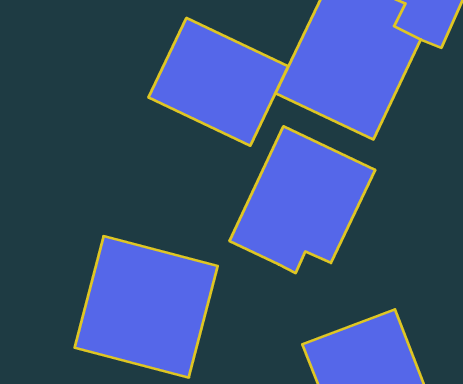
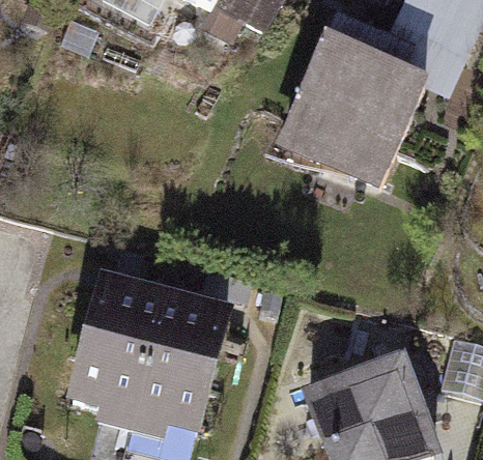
building: [149,18,288,146] -> none
building: [230,126,375,273] -> none

